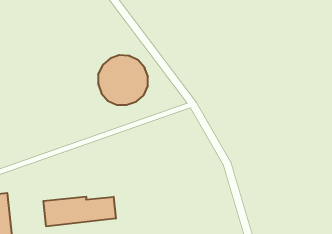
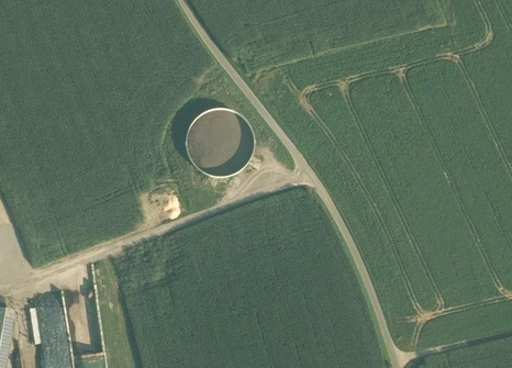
building: [43,197,116,226] -> none

